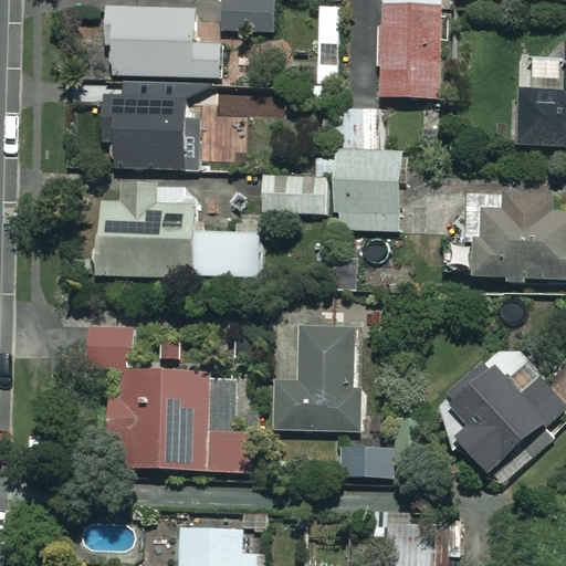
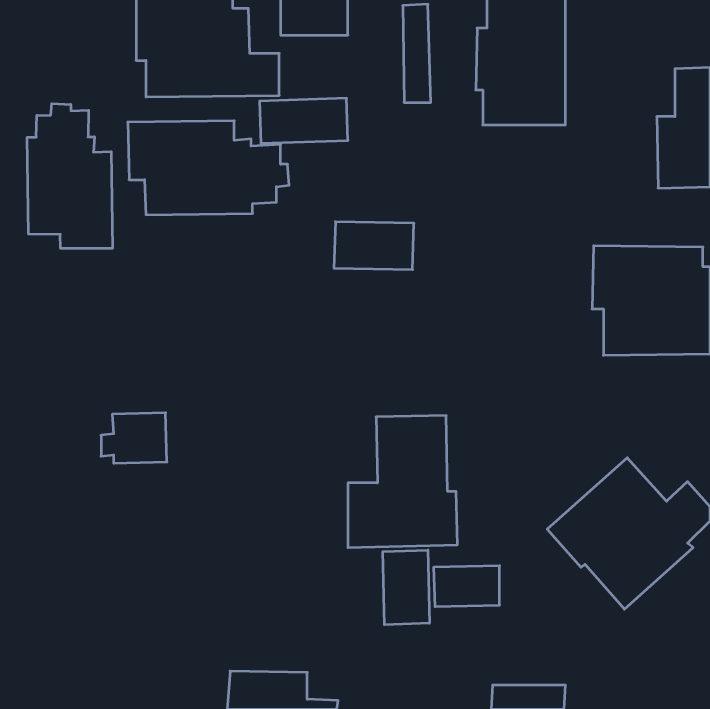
building: none -> [27,104,112,248]
building: [335,106,405,229] -> none
building: [95,186,249,280] -> none
building: [111,371,241,472] -> none
building: none -> [383,550,429,625]

